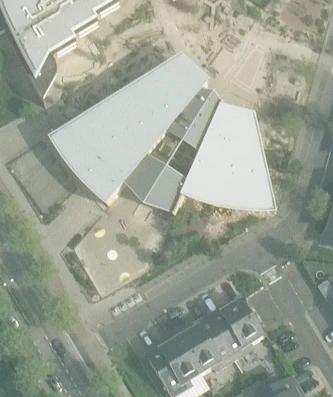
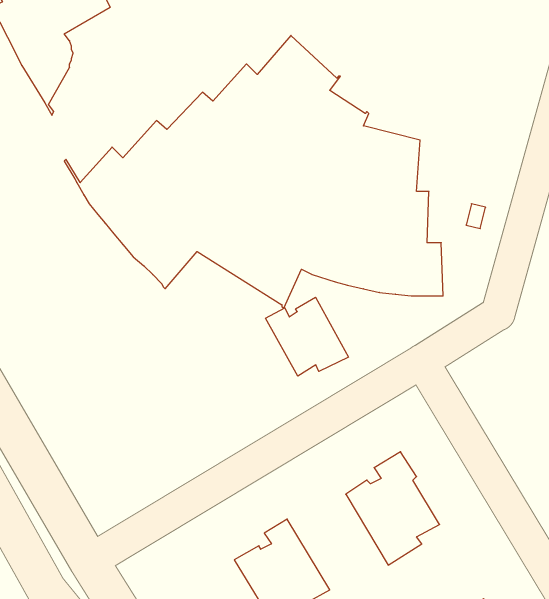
building: none -> [266,297,348,376]
building: [176,317,233,371] -> none

